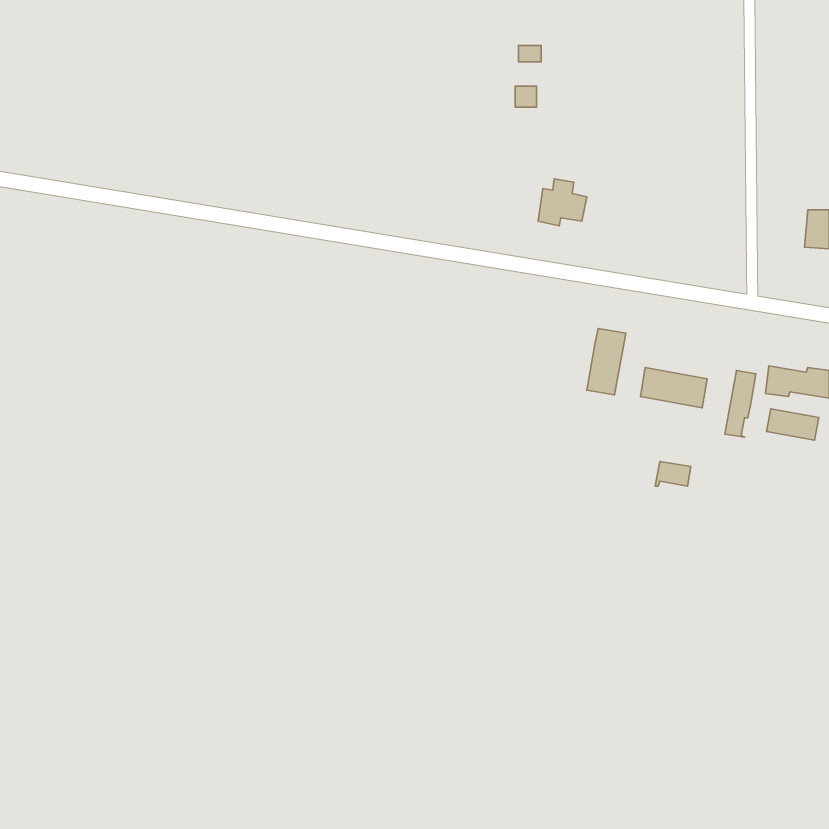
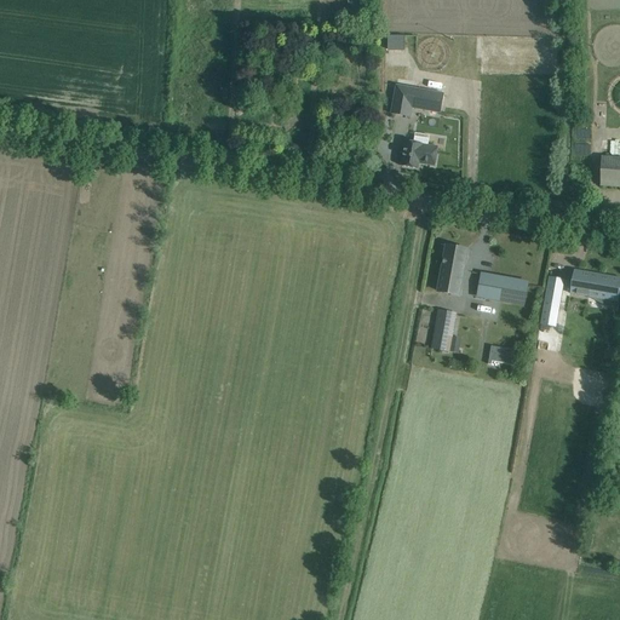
building: none -> [390,85,443,116]
building: [766,409,819,440] -> none
building: none -> [431,310,454,350]

